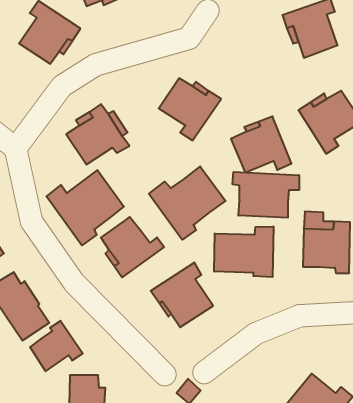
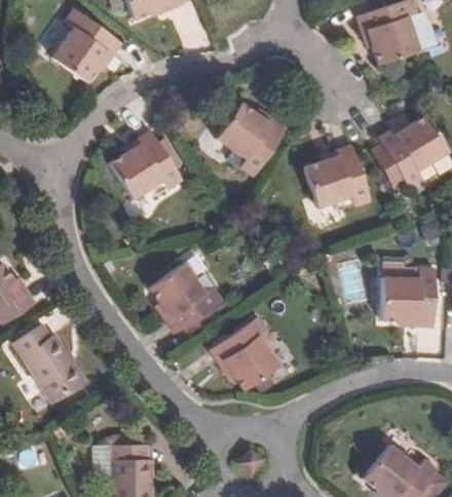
building: [149,166,226,240] -> none
building: [46,170,124,245] -> none
building: [233,172,299,218] -> none
building: [214,226,273,277] -> none
building: [30,321,83,371] -> none

